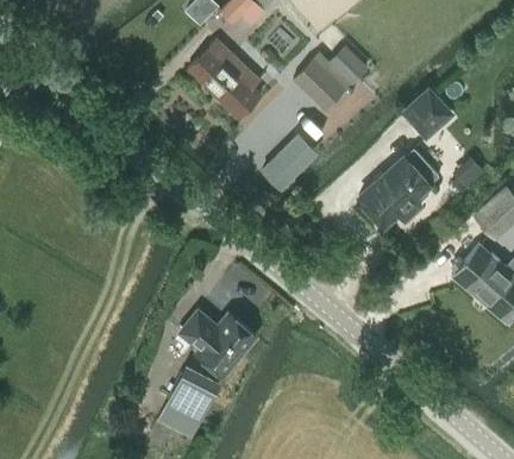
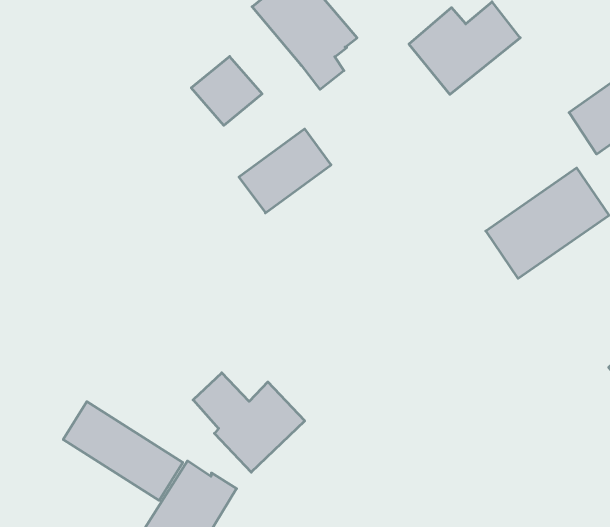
building: none -> [191,56,262,125]
building: [262,130,321,188] -> [239,129,331,213]
building: none -> [63,402,183,500]

